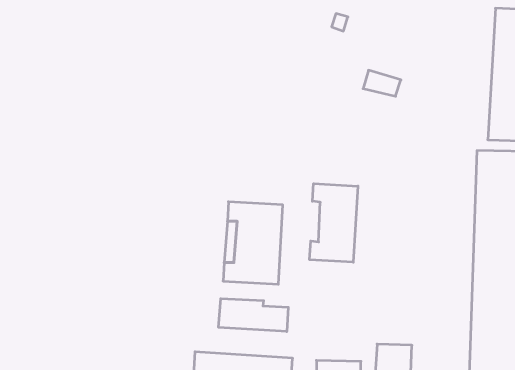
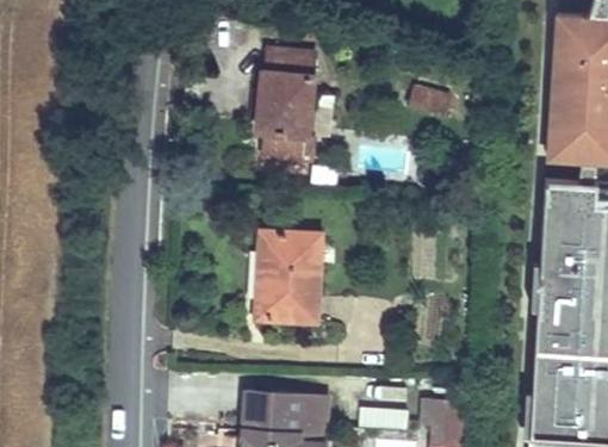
building: none -> [258,49,316,159]
building: [310,184,358,262] -> none
building: [219,299,288,332] -> none

